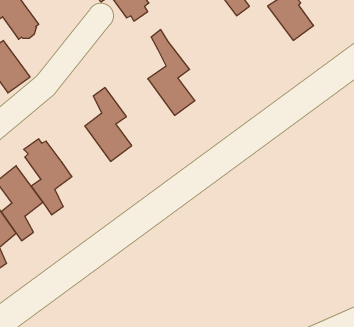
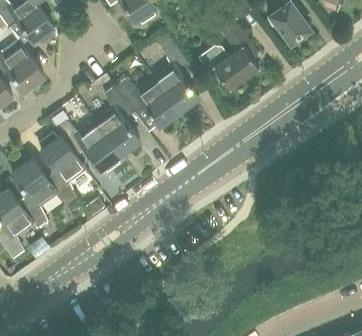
building: none -> [198,23,259,91]
building: none -> [115,81,180,129]
building: none -> [56,124,120,172]

